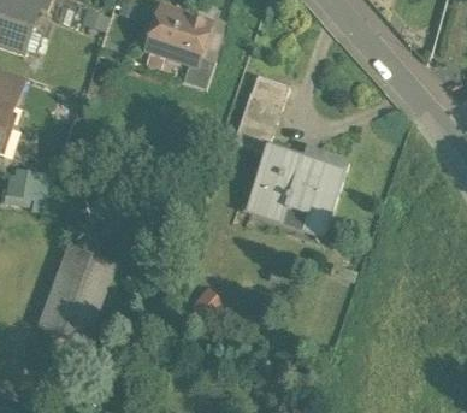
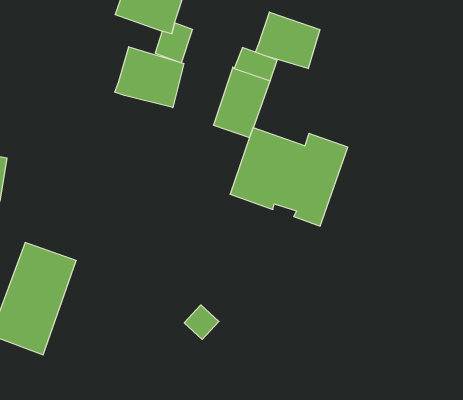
building: none -> [255,12,320,69]
building: none -> [115,47,184,108]

